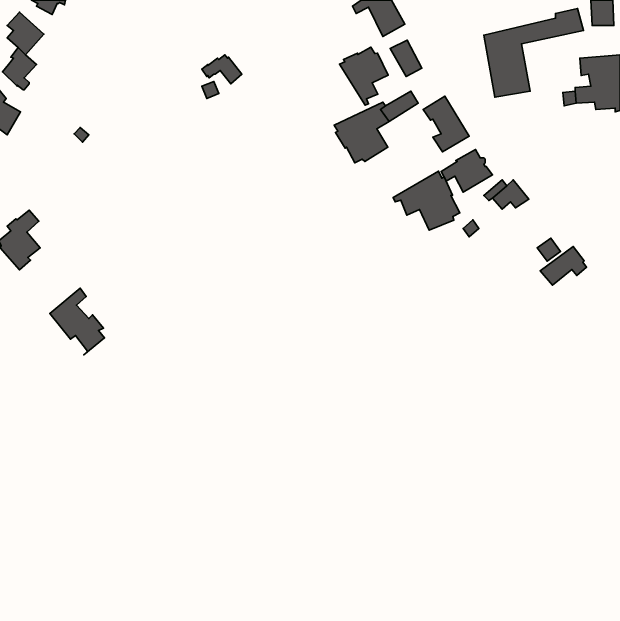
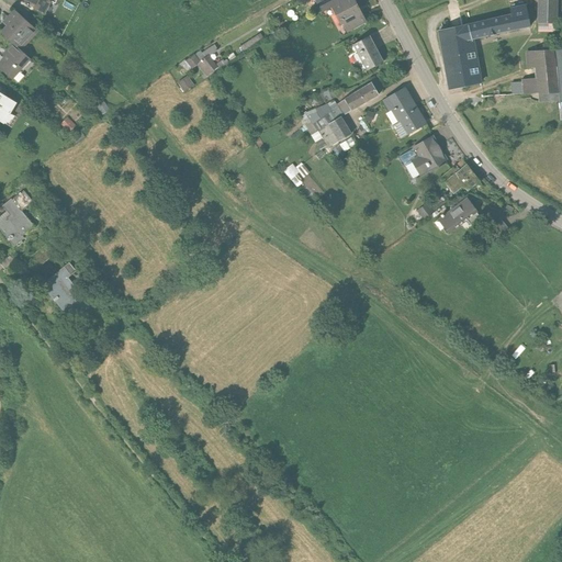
building: [340,47,388,105] -> none
building: [393,171,460,230] -> none
building: [540,246,587,285] -> [436,195,477,231]

